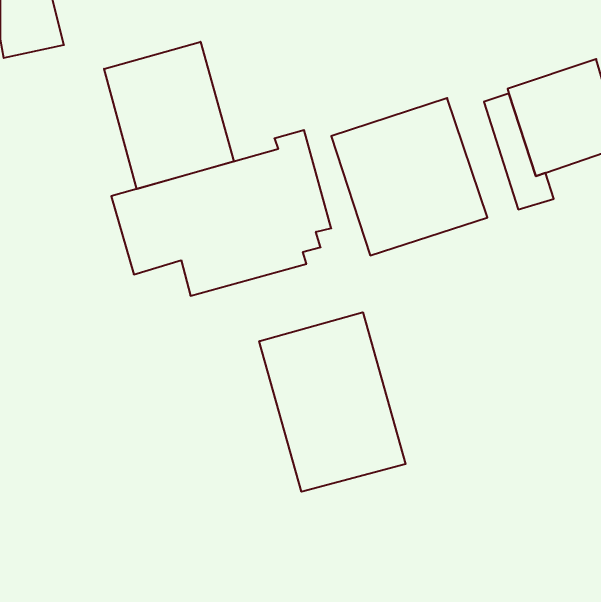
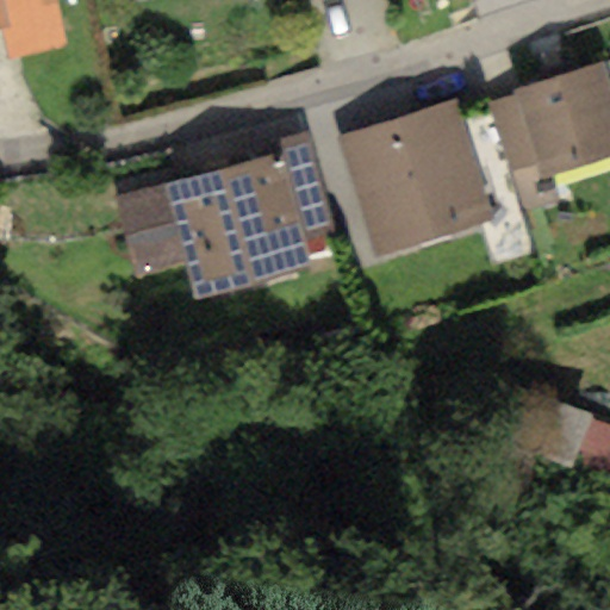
building: [104,42,234,189] -> none
building: [259,312,406,492] -> none

